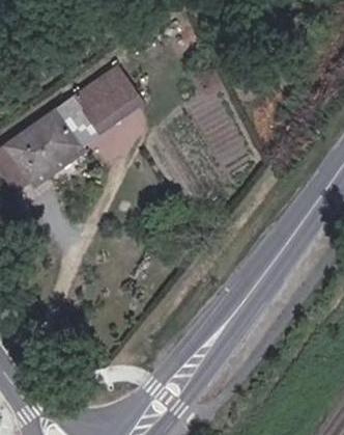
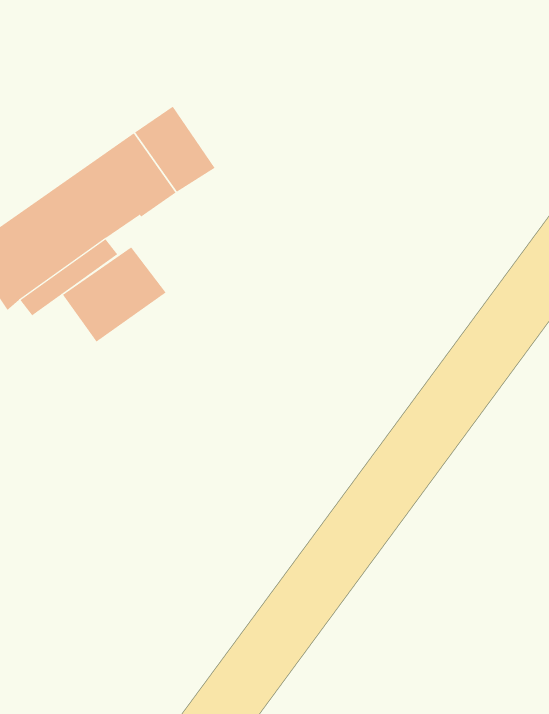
building: none -> [62,247,166,343]

